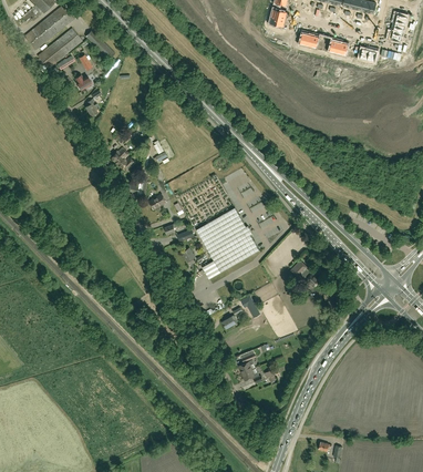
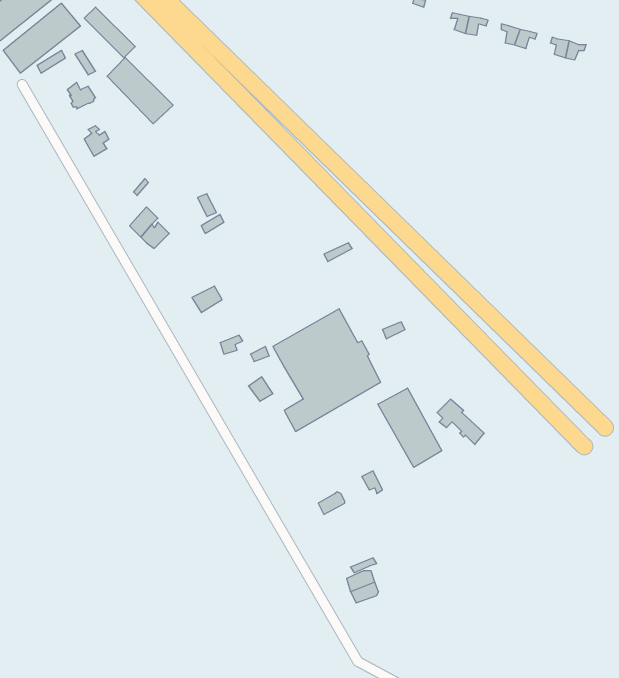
building: none -> [107,57,173,124]
building: none -> [378,388,442,467]

